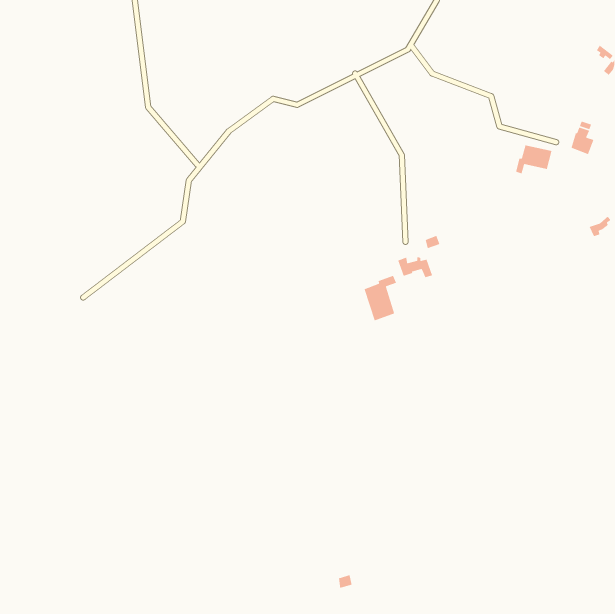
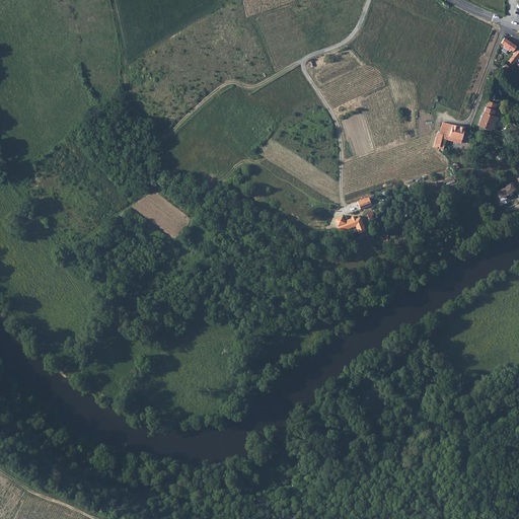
building: [364,275,397,322] -> none

